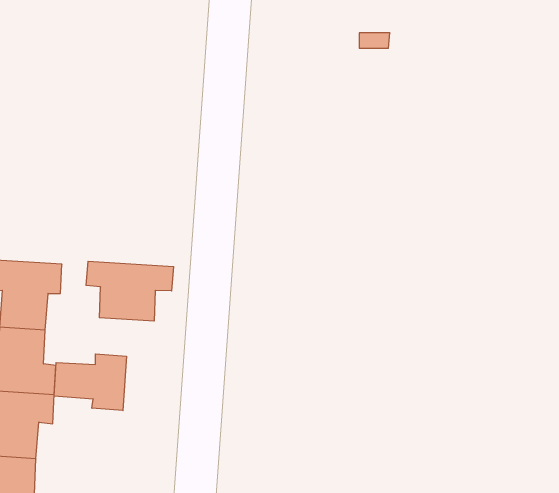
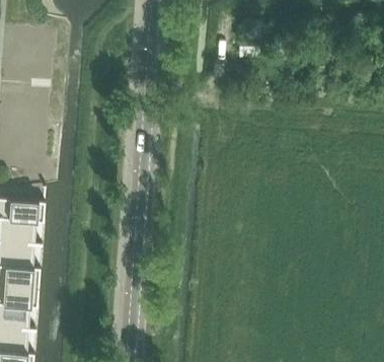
building: [86,261,174,321] -> none
building: [54,354,126,411] -> none

